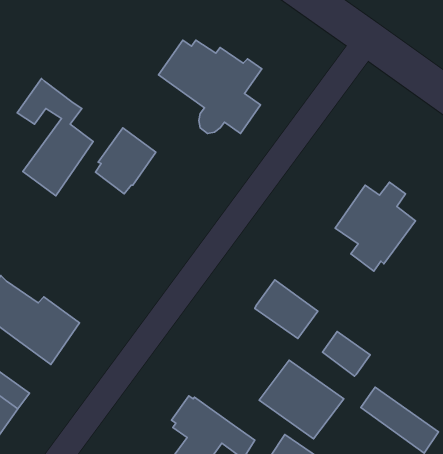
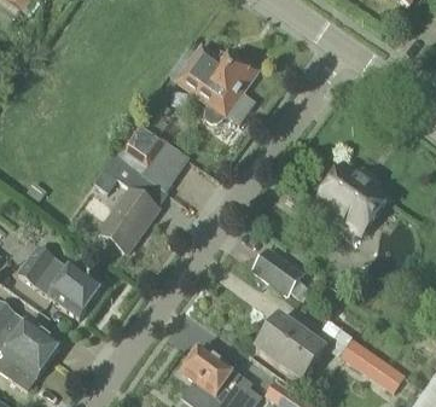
building: [17,78,93,196] -> [94,155,158,254]
building: none -> [147,143,190,186]
building: [322,331,370,376] -> none

